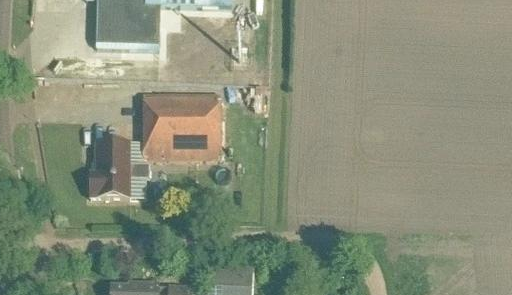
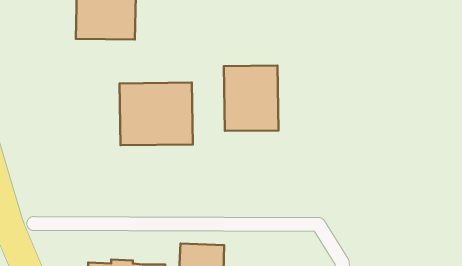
building: none -> [224,66,278,131]
building: [89,140,147,196] -> none

